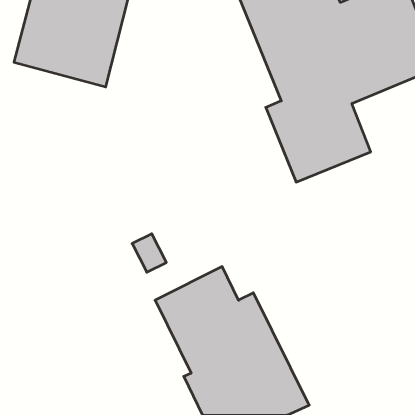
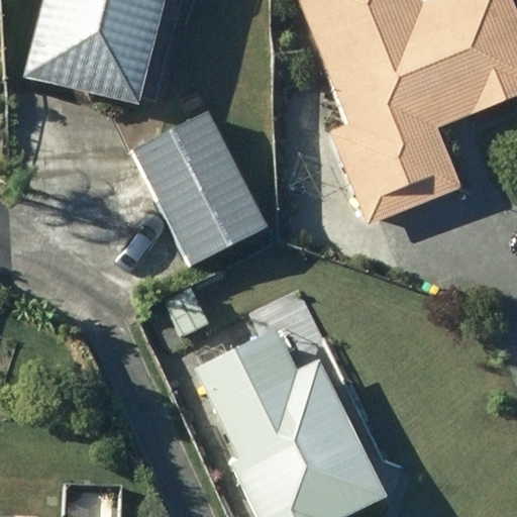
building: none -> [135,112,268,265]

